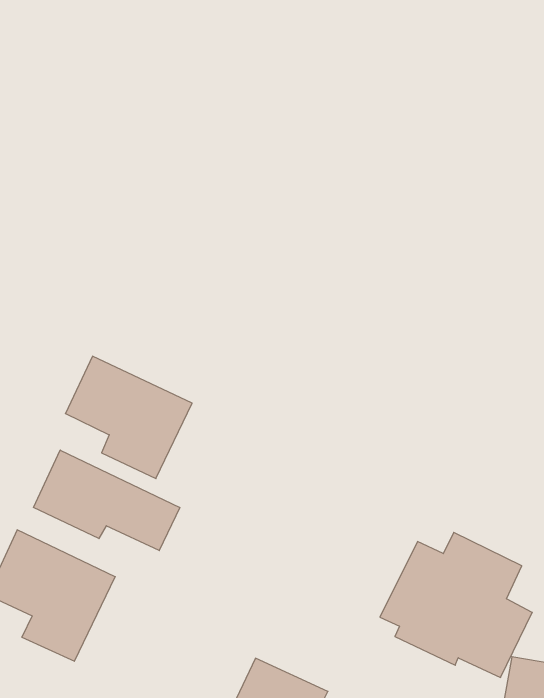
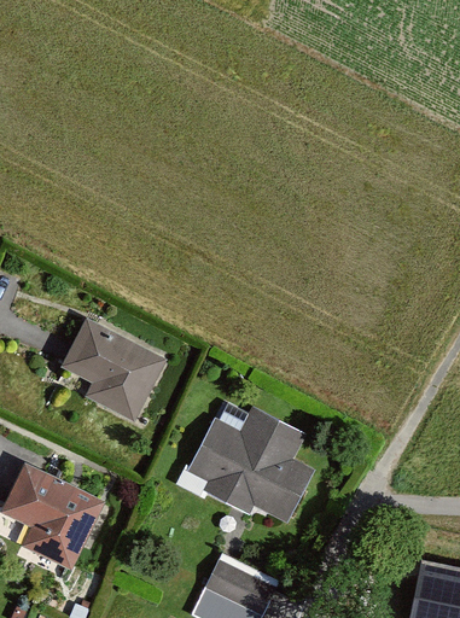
building: [34,450,180,551] -> none
building: [380,532,532,677] -> [190,406,311,521]

